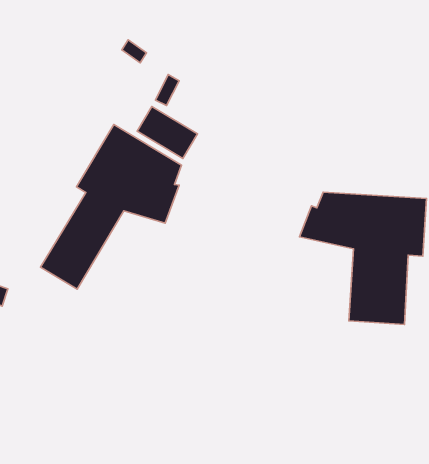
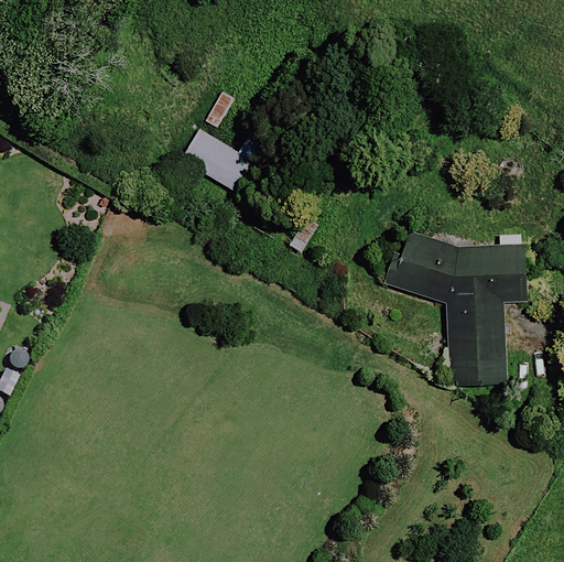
building: [40,124,181,289] -> none

